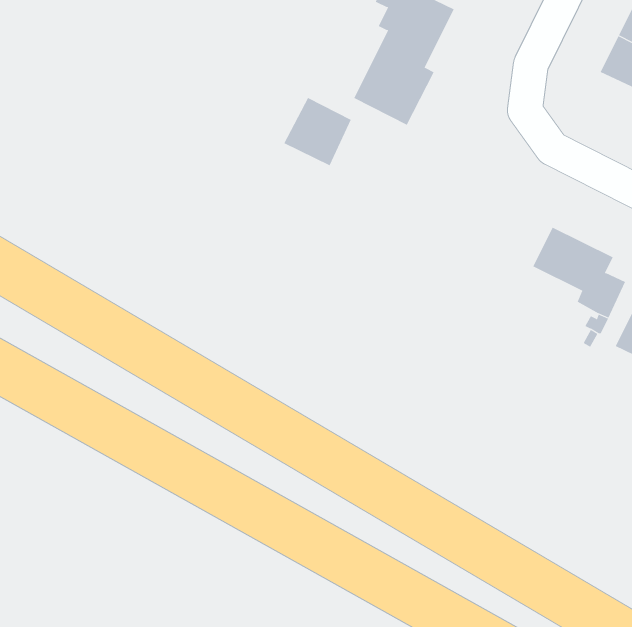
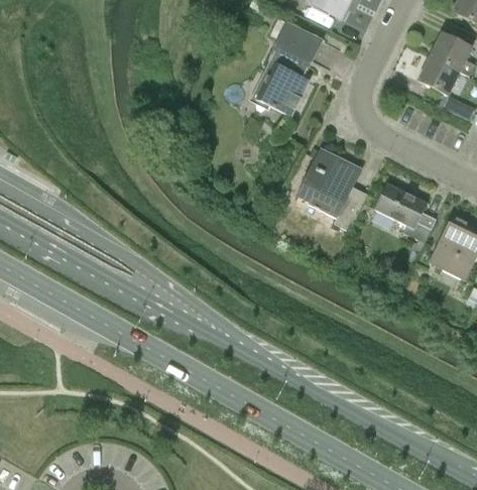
building: [283,97,352,166] -> none
building: none -> [299,147,367,231]

